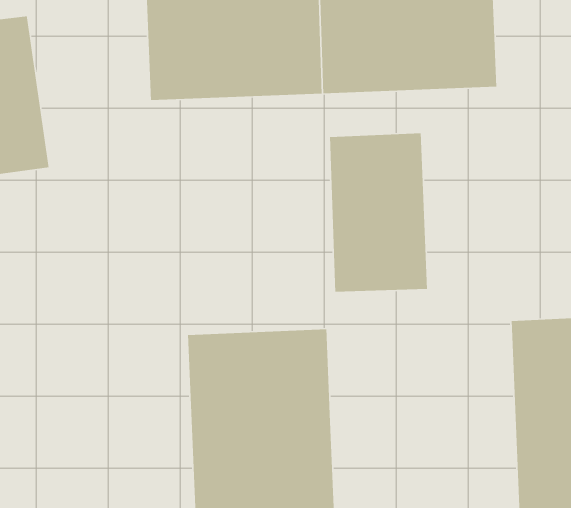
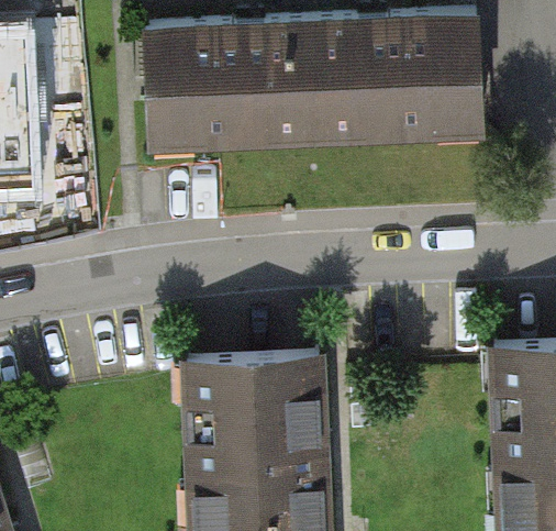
building: [329,132,428,293] -> none

